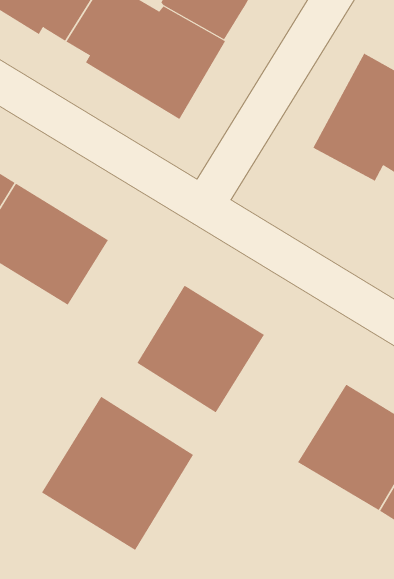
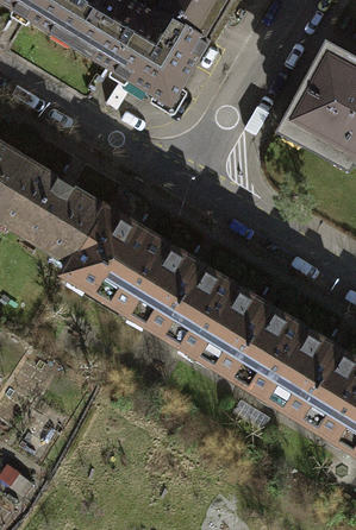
building: none -> [65,206,170,310]
building: none -> [198,286,308,395]
building: [41,396,194,551] -> none

